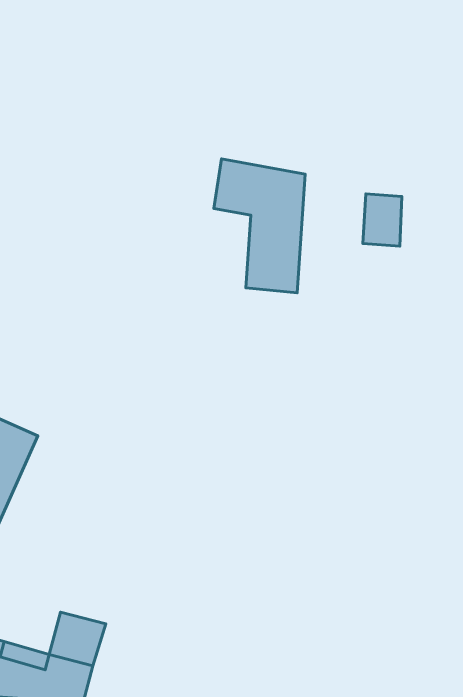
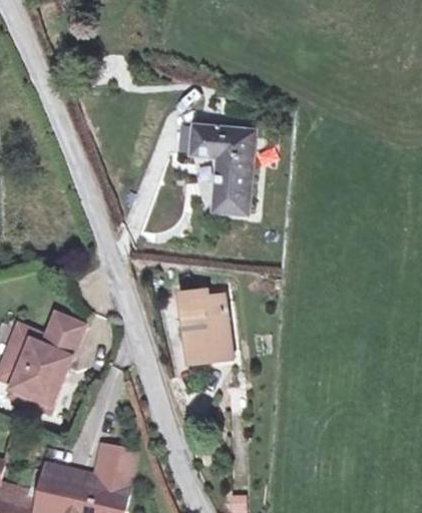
building: [363,194,402,246] -> none
building: none -> [183,290,233,359]

